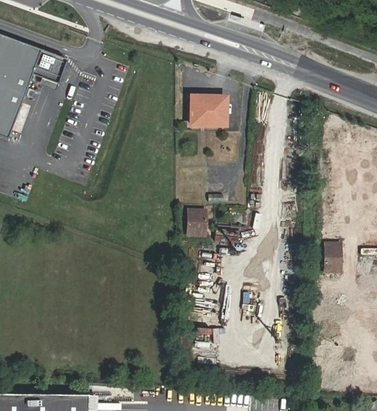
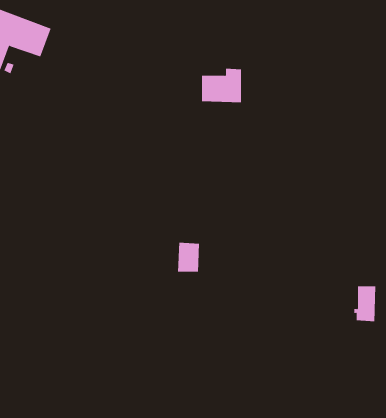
building: [186,210,205,235] -> [177,242,200,272]
building: [321,243,340,273] -> [354,286,376,322]

